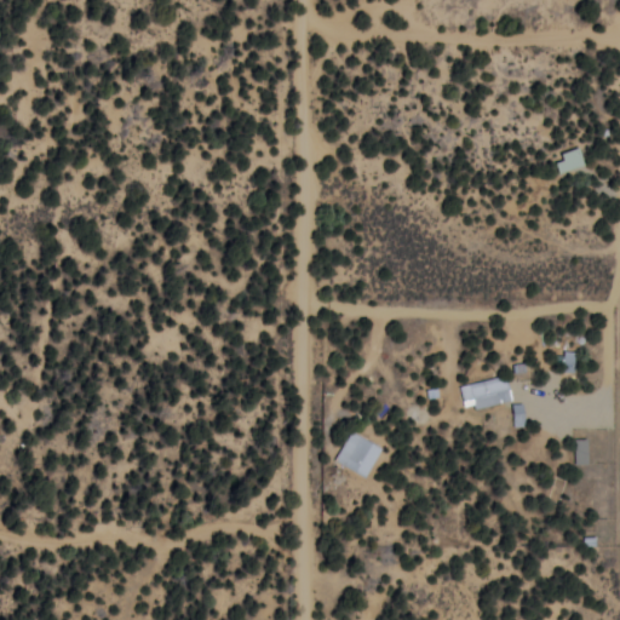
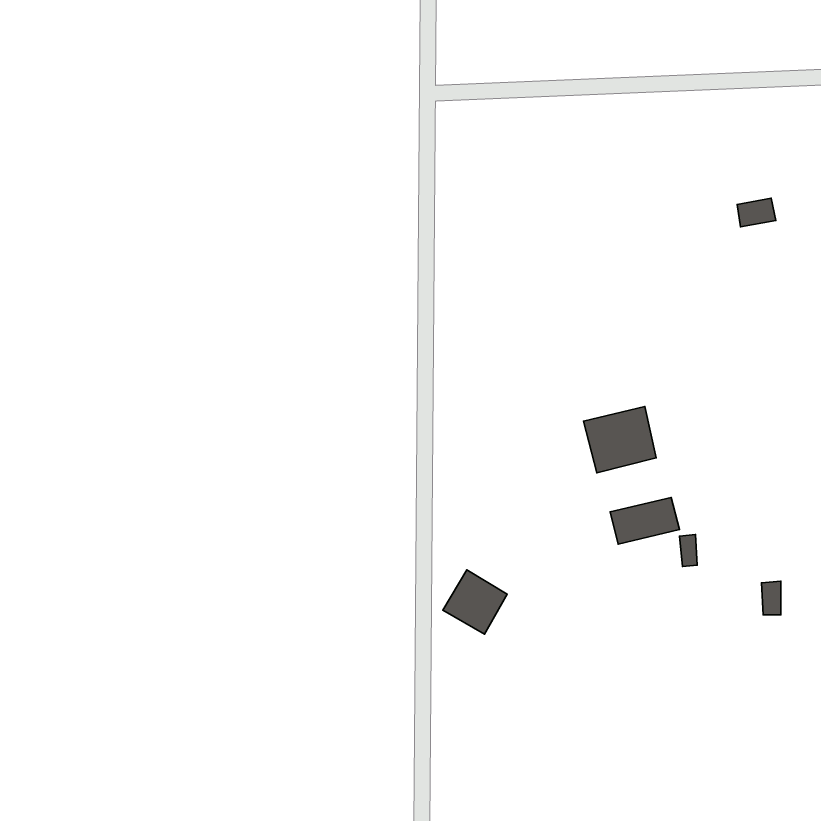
building: none -> [584,407,656,473]

